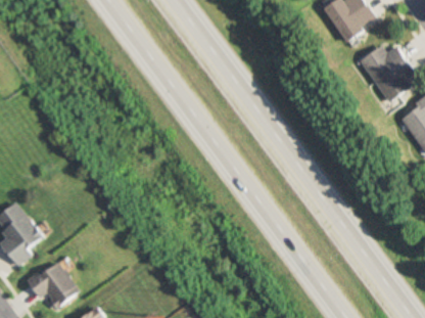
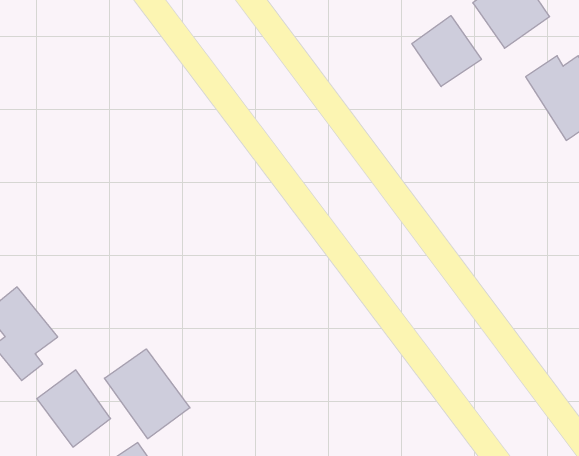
building: none -> [412,16,481,87]
building: none -> [104,349,190,439]

